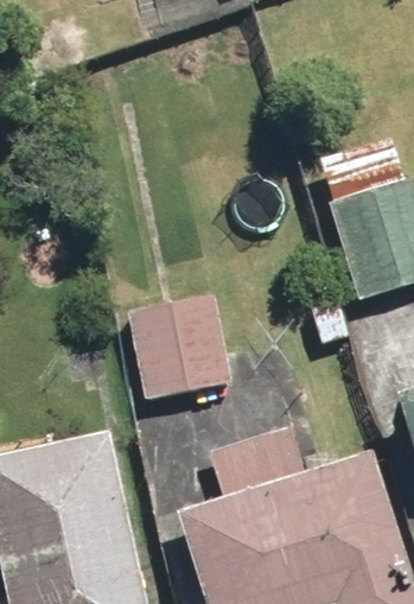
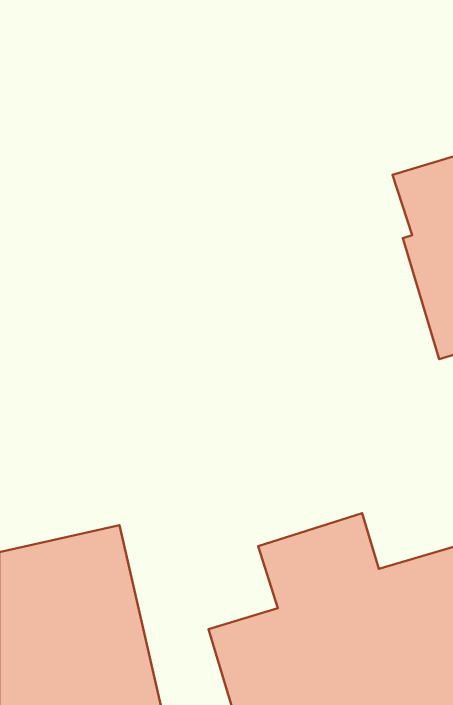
building: [133,292,243,394] -> none

